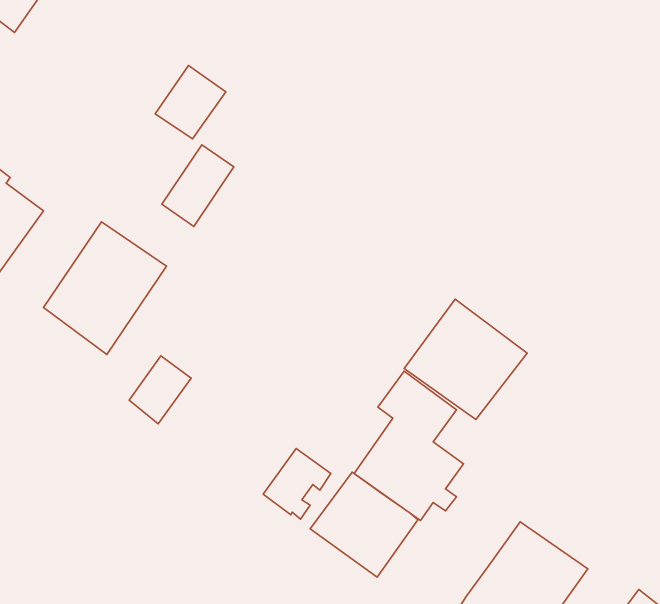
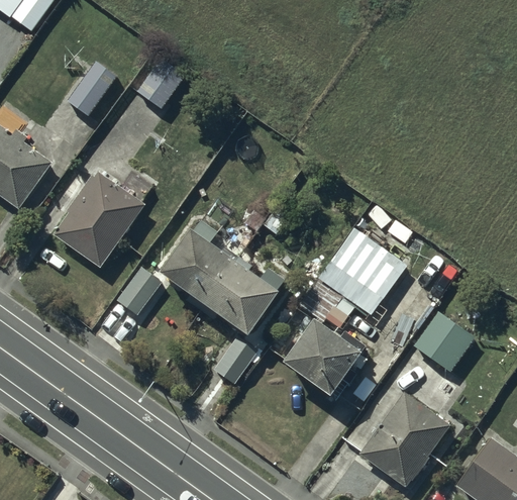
building: [162,145,234,226] -> [66,60,118,119]
building: none -> [157,219,282,328]
building: none -> [413,310,476,373]
building: [310,472,418,577] -> none

